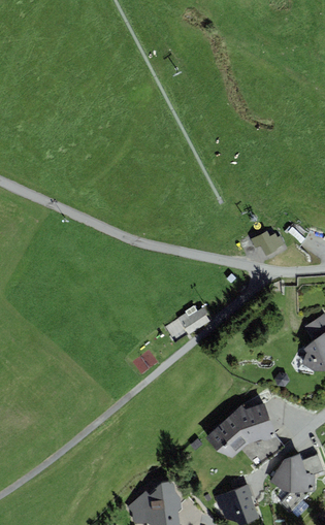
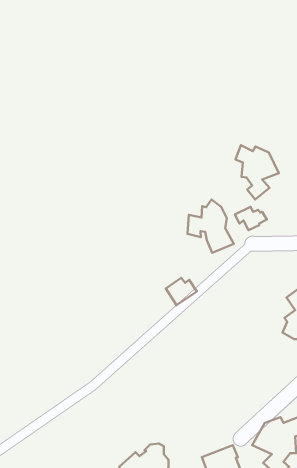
building: none -> [235,145,279,199]
building: none -> [187,199,234,253]
building: [206,402,278,457] -> none

